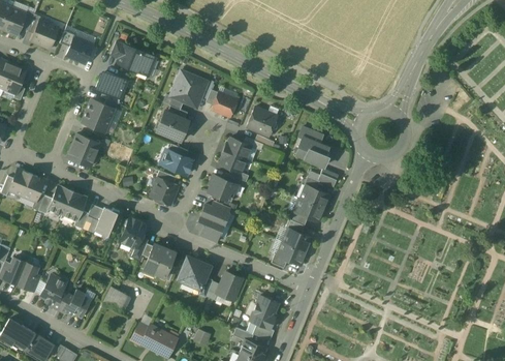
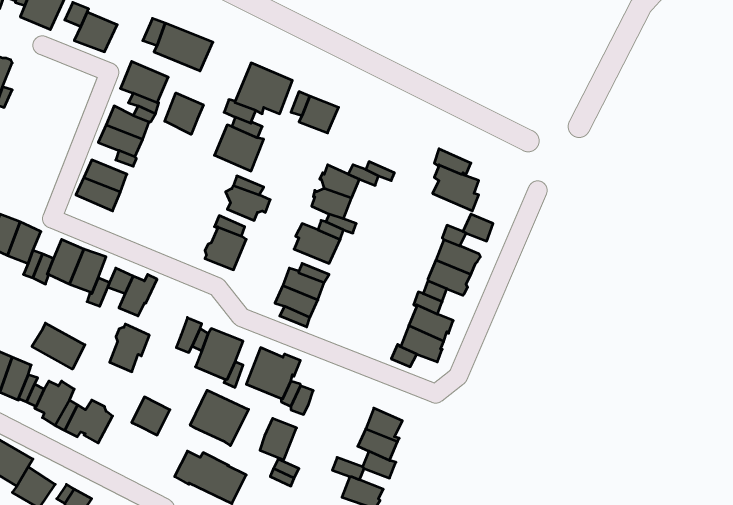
building: none -> [165,93,203,134]
building: [247,107,277,136] -> none
building: [121,216,147,247] -> [110,324,149,372]
building: none -> [32,323,85,369]
building: [218,272,242,299] -> [260,418,297,460]
building: none -> [190,390,249,446]

